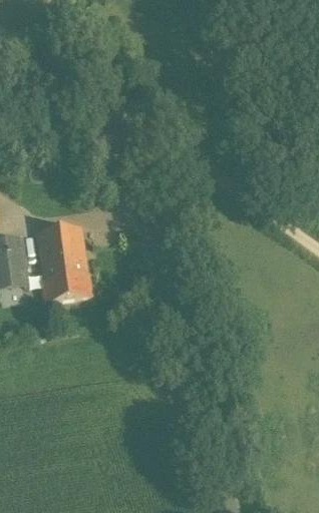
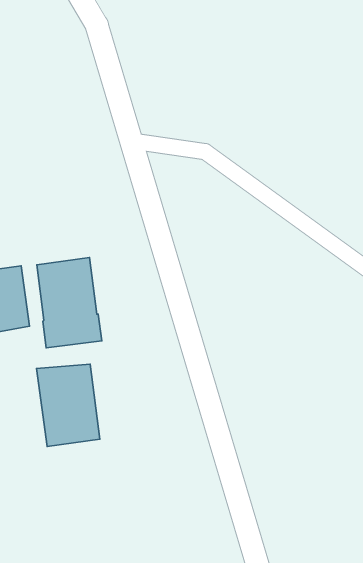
building: none -> [36,364,100,446]

